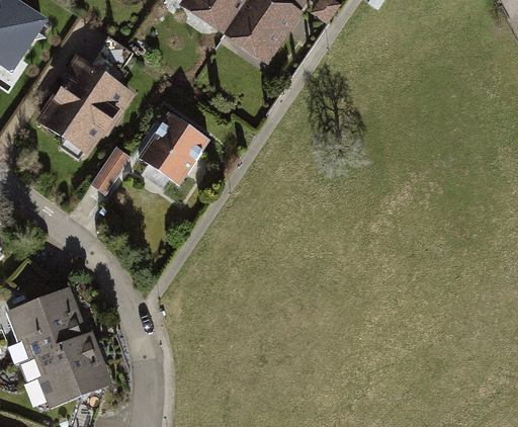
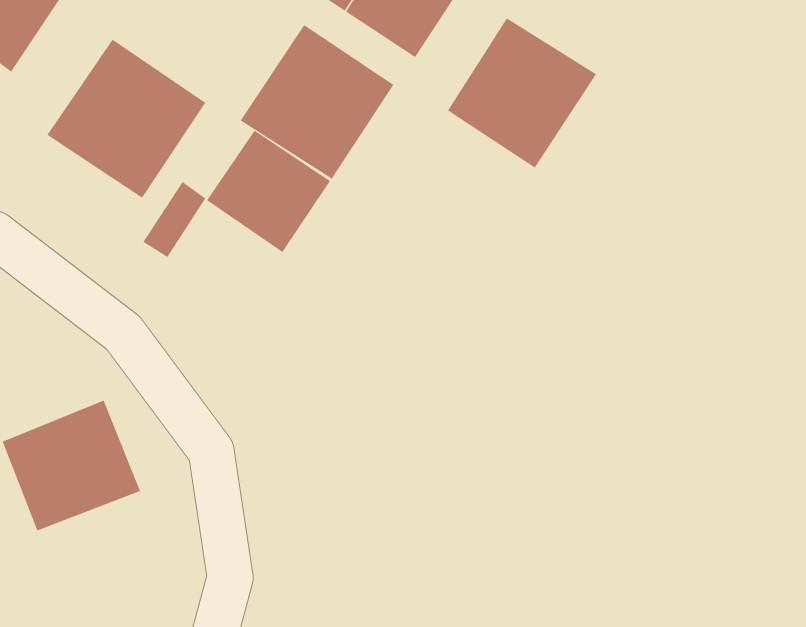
building: none -> [447,18,597,169]
building: none -> [240,24,394,180]
building: [26,338,113,416] -> none

